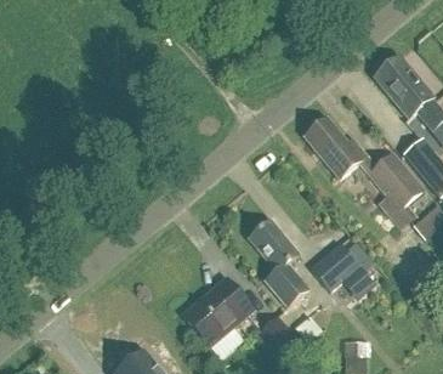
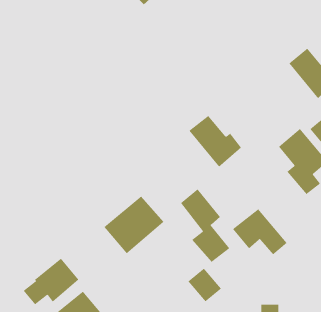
building: [305,118,367,178] -> [189,115,242,167]
building: [182,278,252,346] -> [104,196,164,254]
building: none -> [23,258,79,305]

